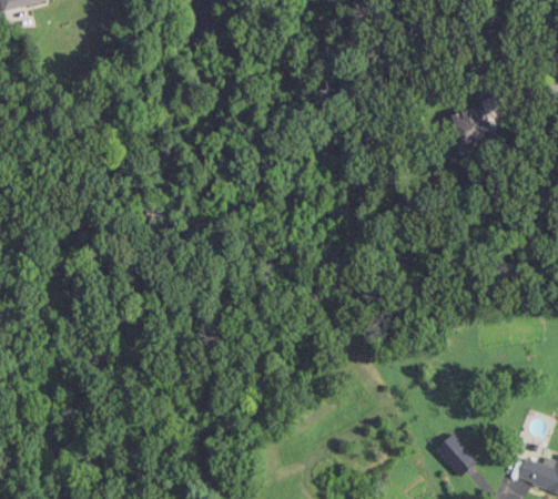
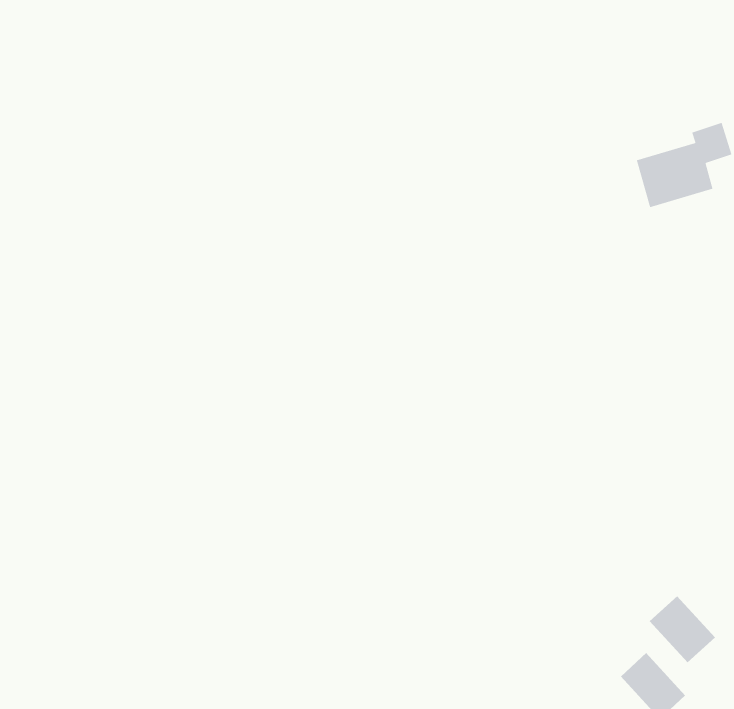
building: none -> [649,595,716,663]

